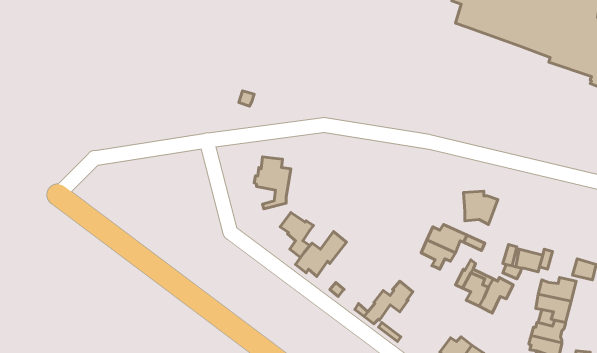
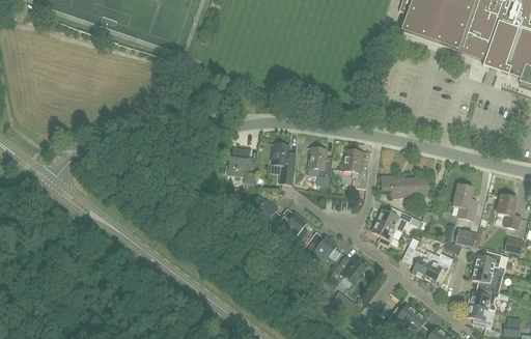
building: none -> [270,141,297,183]
building: none -> [307,145,331,186]
building: none -> [342,149,369,188]
building: none -> [382,174,410,195]
building: none -> [452,183,476,220]
building: none -> [497,194,520,228]
building: none -> [299,235,337,262]

